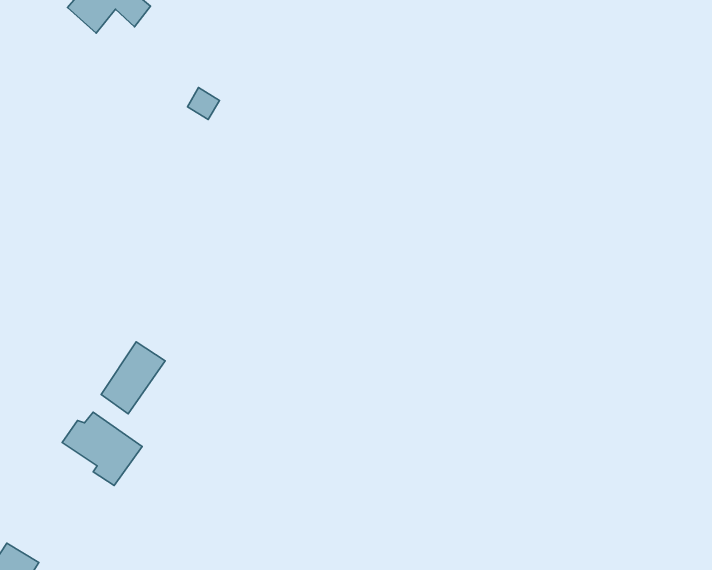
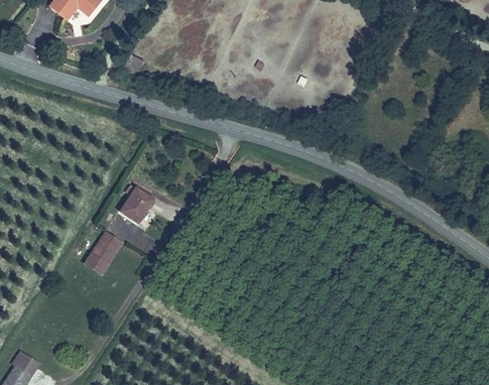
building: none -> [123,186,153,219]
building: [62,412,142,486] -> none

